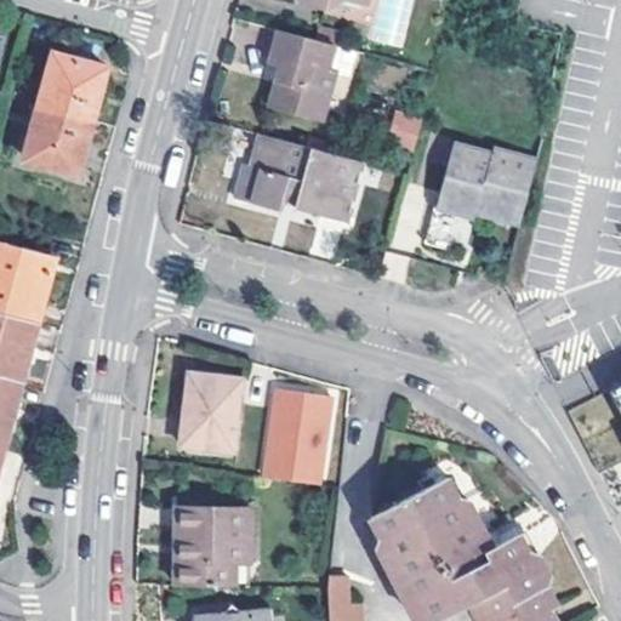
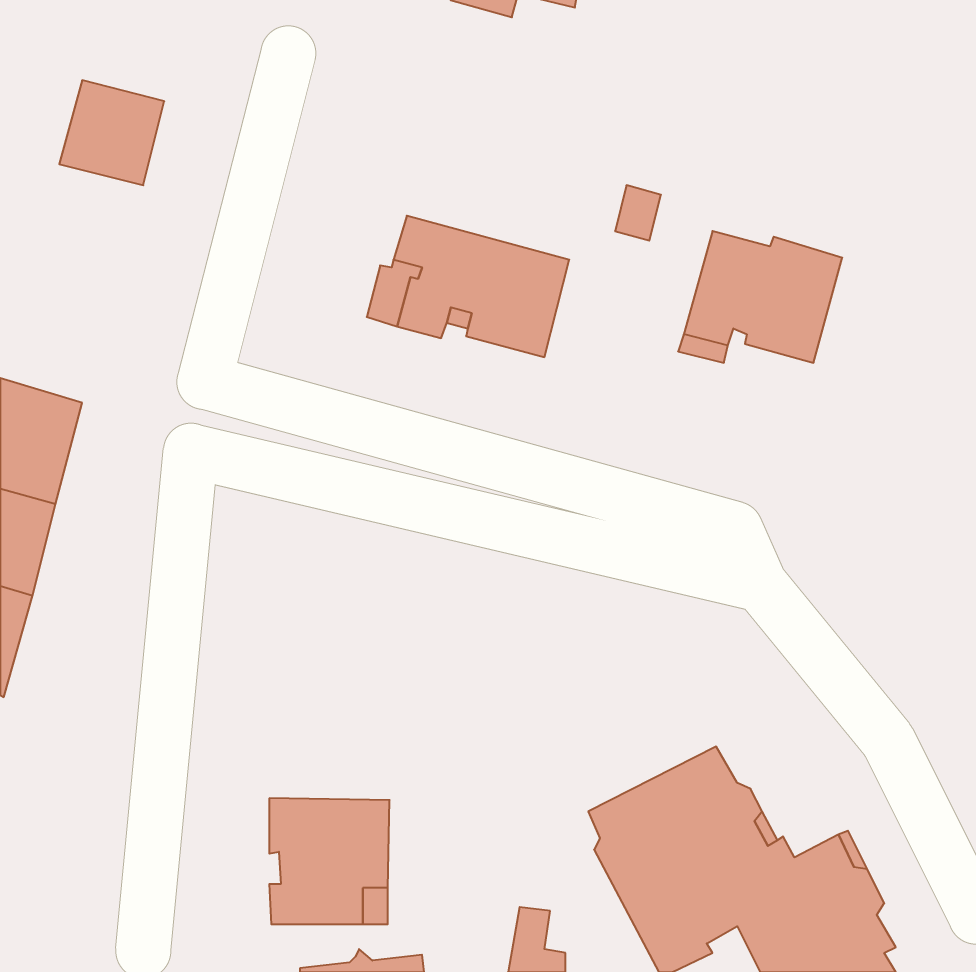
building: [269,34,335,121] -> none
building: [23,104,91,171] -> none
building: [178,371,244,452] -> none
building: [266,393,329,484] -> none

